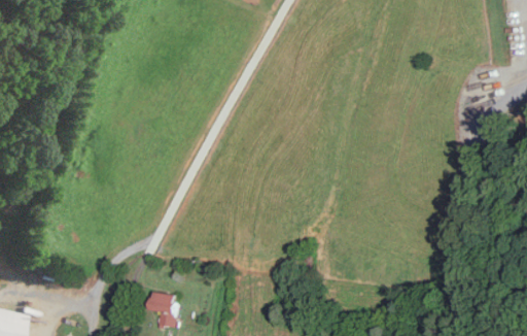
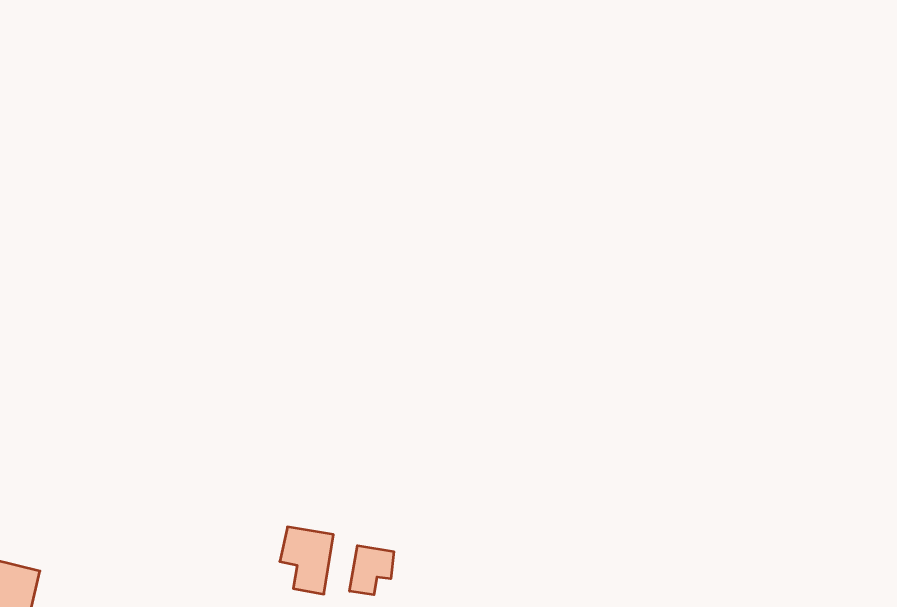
building: none -> [350,546,394,595]

